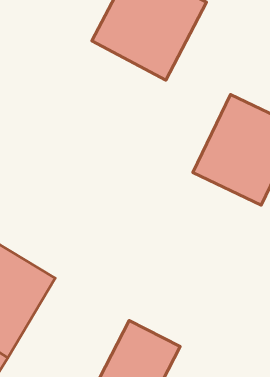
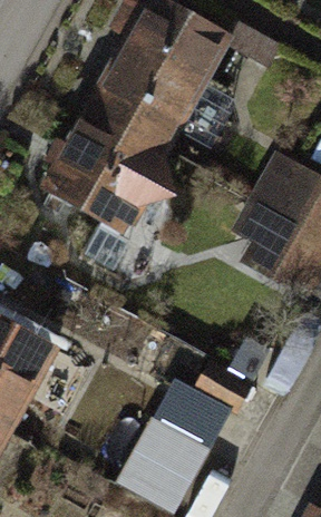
building: none -> [61,87,195,222]

